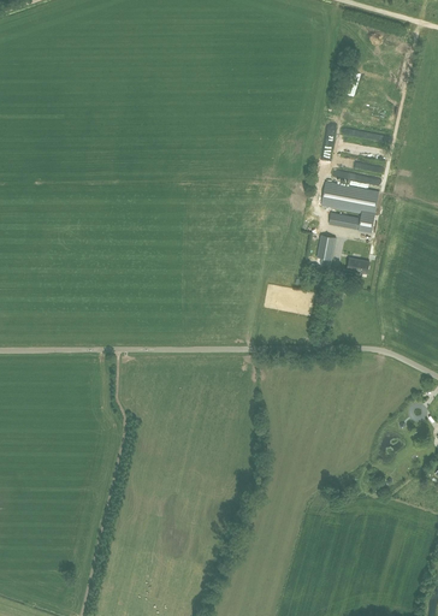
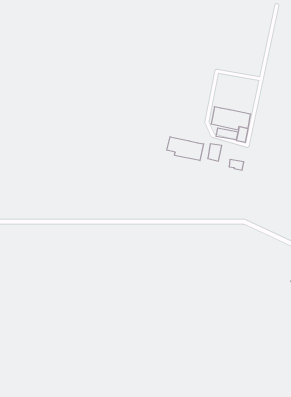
building: none -> [167,137,204,161]

